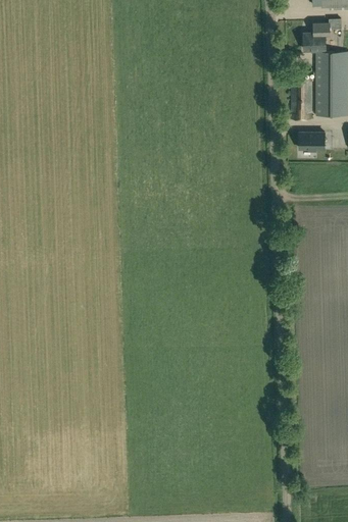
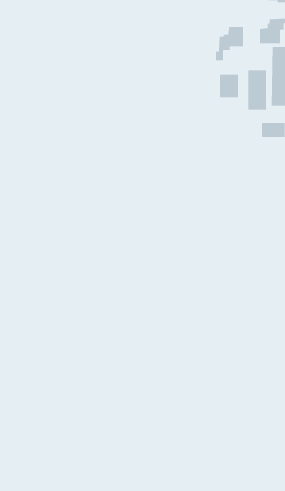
building: none -> [215,26,244,61]
building: none -> [219,74,239,98]

